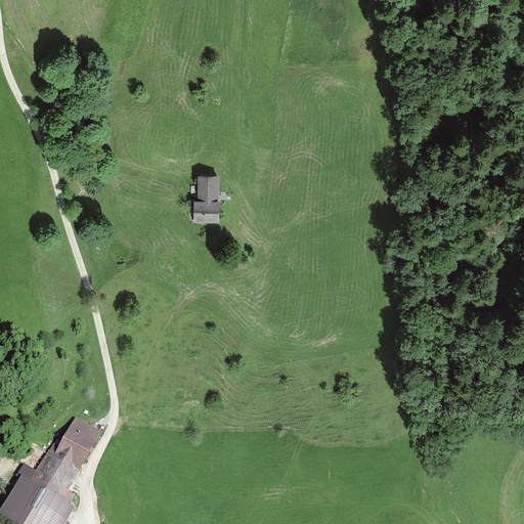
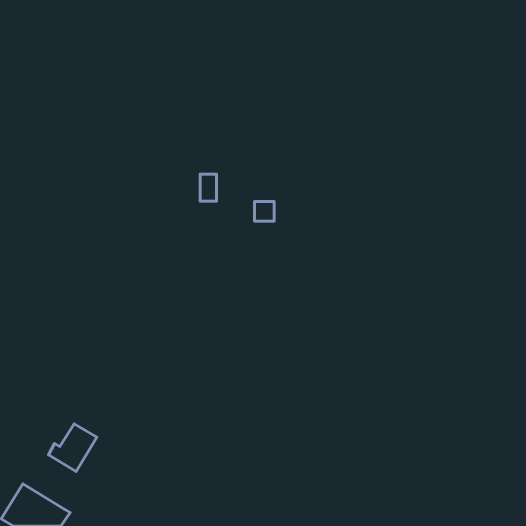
building: [196,200,216,219] -> [254,201,274,221]
building: [29,451,77,506] -> none

